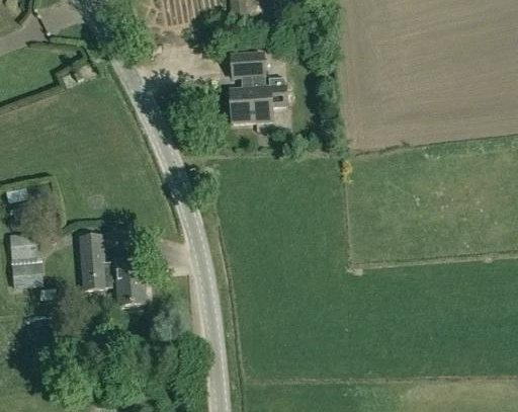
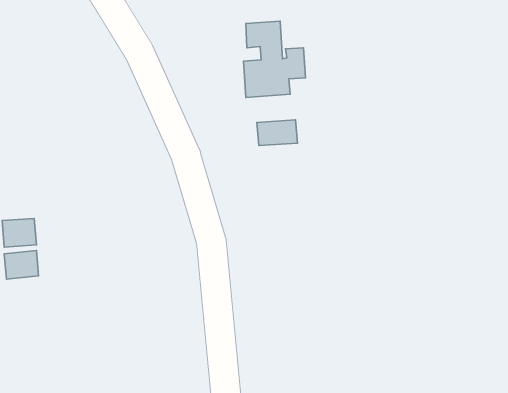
building: none -> [257,120,297,146]
building: [79,236,145,306] -> none

